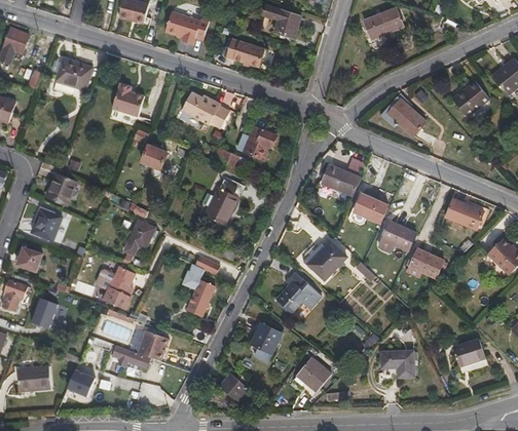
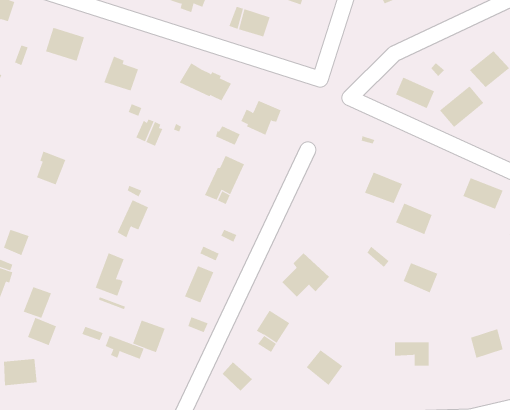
building: none -> [439,85,484,128]
building: [320,163,359,194] -> none
building: [32,210,64,243] -> none
building: [308,239,345,277] -> none
building: [411,249,444,278] -> [403,262,438,293]
building: [72,371,100,398] -> [27,317,57,346]

